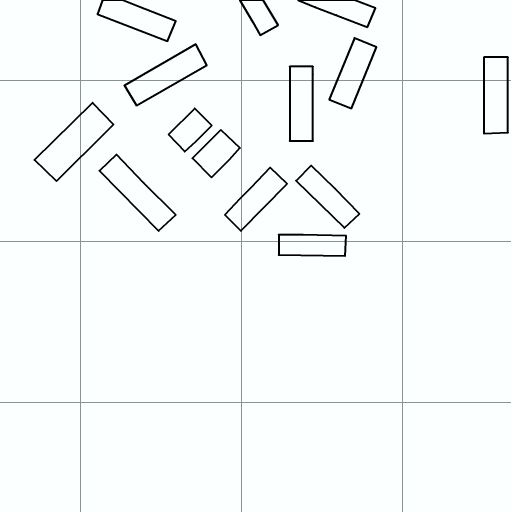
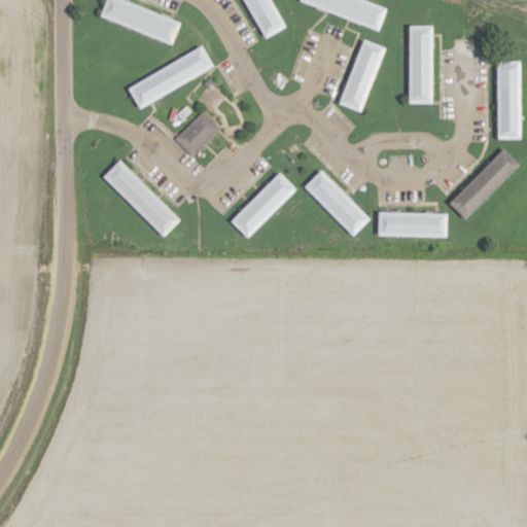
building: [290,67,313,141] -> [409,26,432,102]
building: [34,103,113,181] -> none
building: [192,130,240,177] -> none
building: none -> [448,148,519,218]
building: [279,235,346,256] -> [379,214,448,236]

